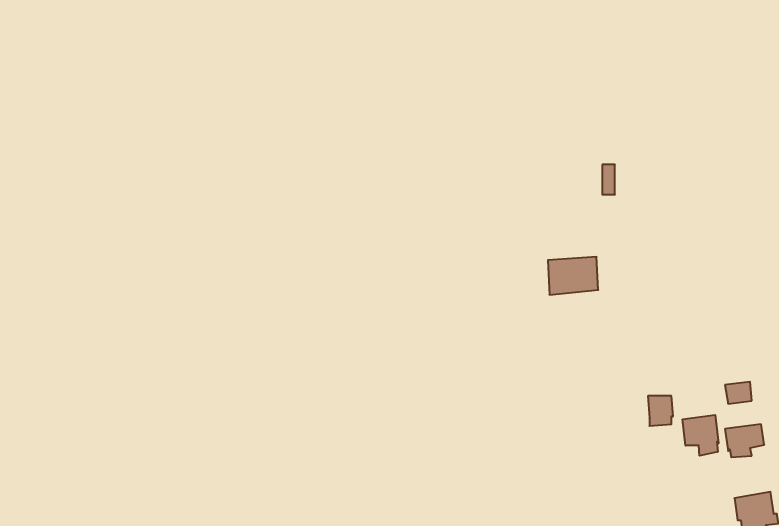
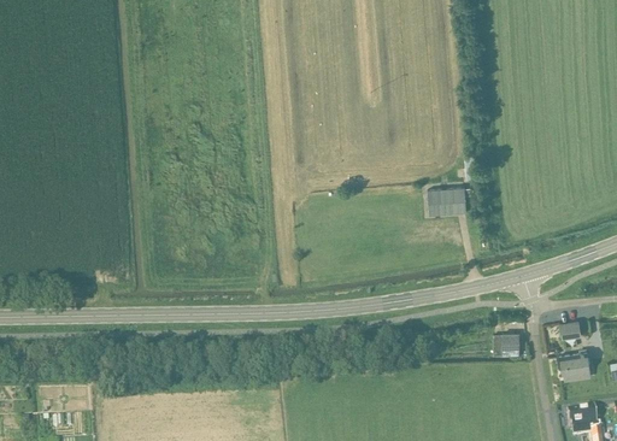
building: [548,257,598,295] -> [427,187,465,216]
building: [683,415,719,456] -> none

